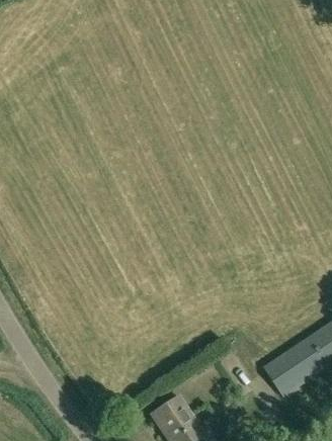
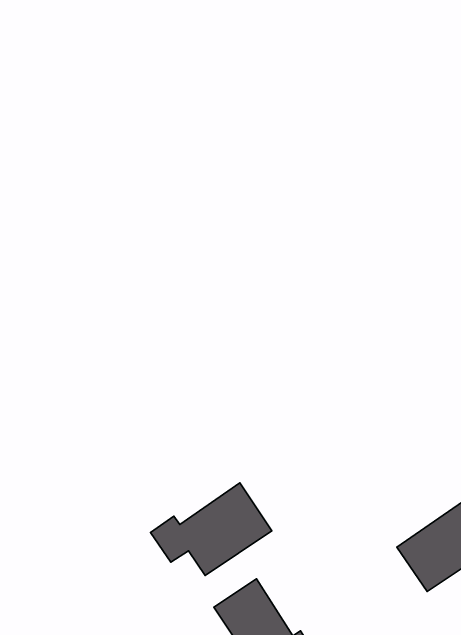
building: none -> [150,483,272,575]

